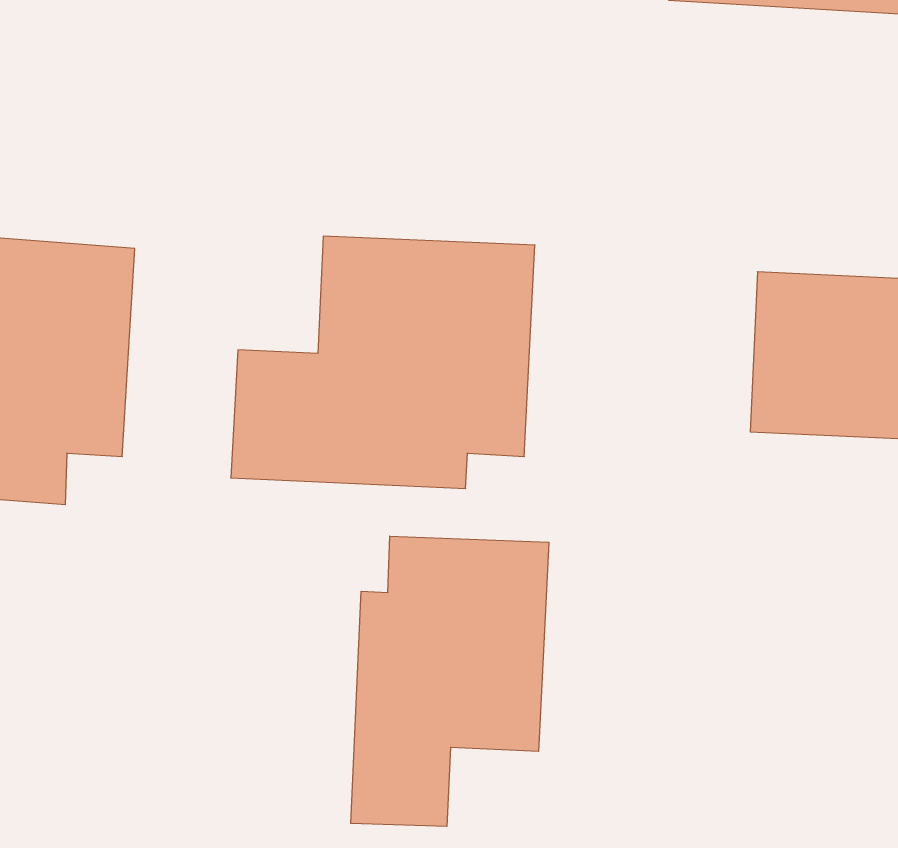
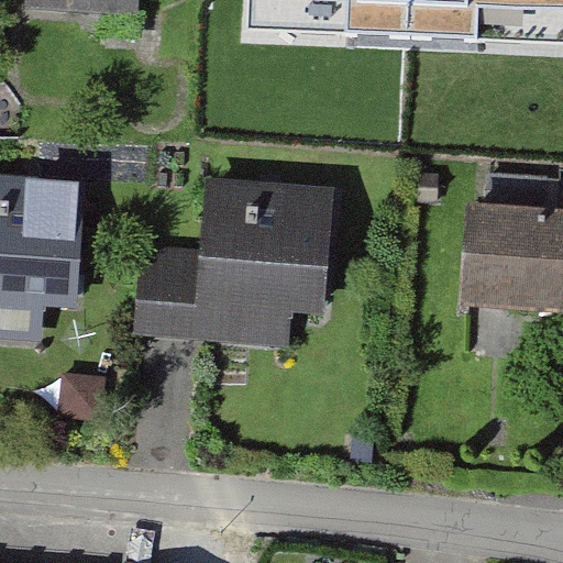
building: [351,536,549,826] -> none

